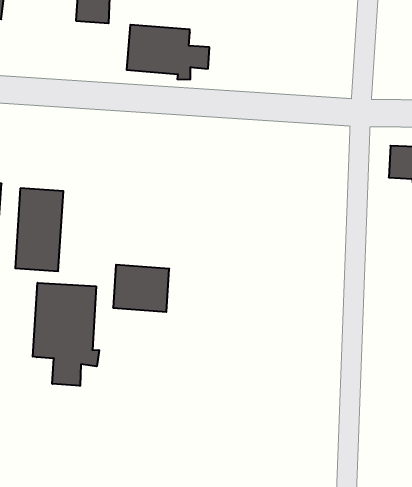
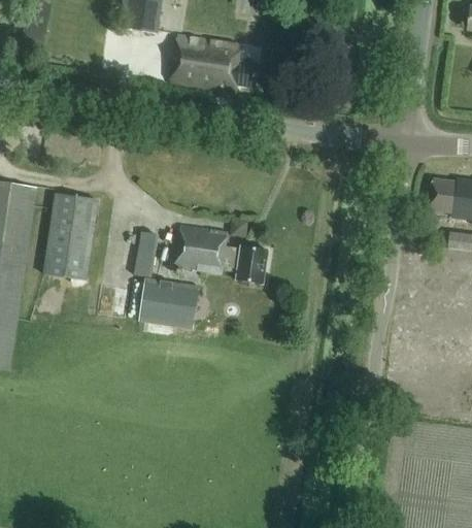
building: none -> [174,225,267,282]
building: none -> [133,230,158,275]
building: [33,283,99,386] -> none

